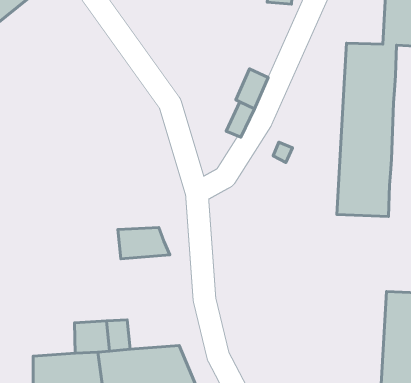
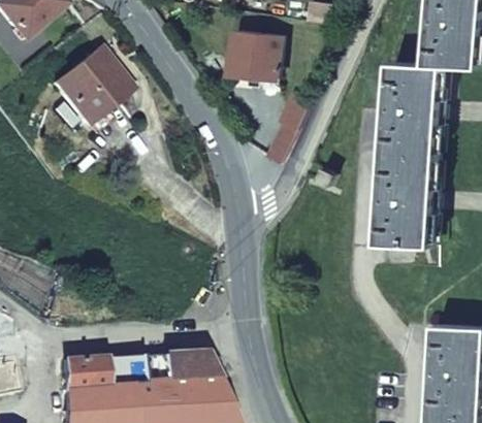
building: none -> [229,30,285,82]
building: none -> [45,45,129,128]
building: [118,228,170,259] -> [158,353,213,386]
building: none -> [58,358,103,393]

